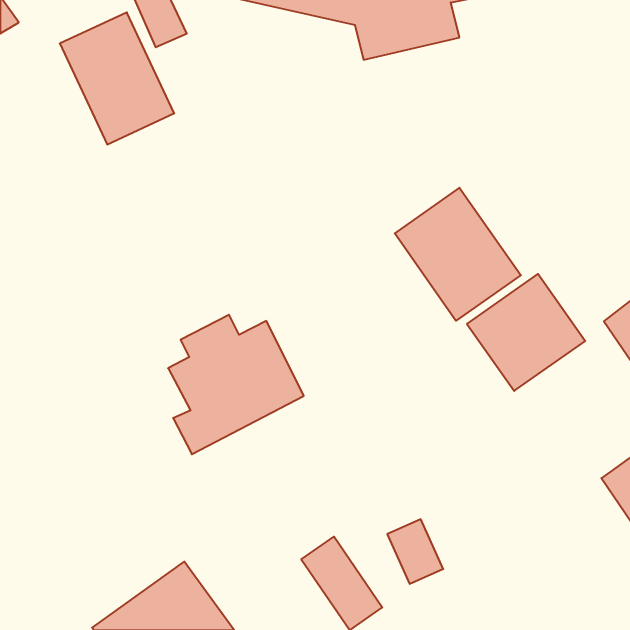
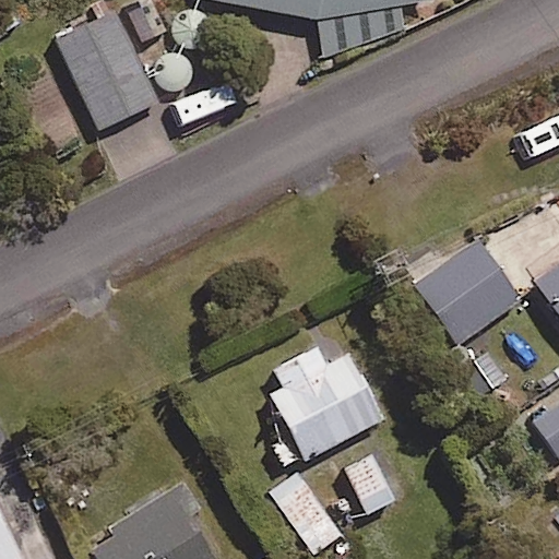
building: [395,188,521,321] -> none
building: [168,315,304,454] -> [262,347,381,469]

